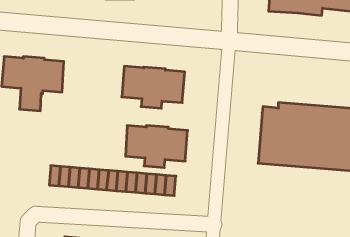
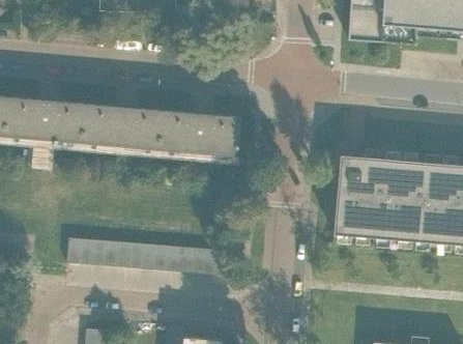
building: [126,126,188,168] -> [82,103,162,156]

